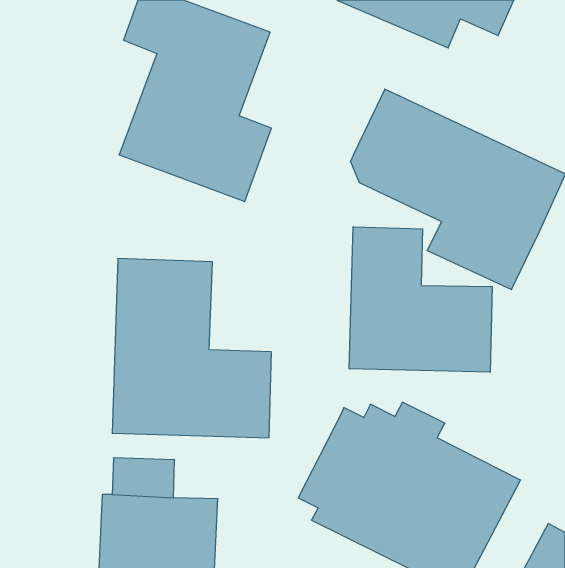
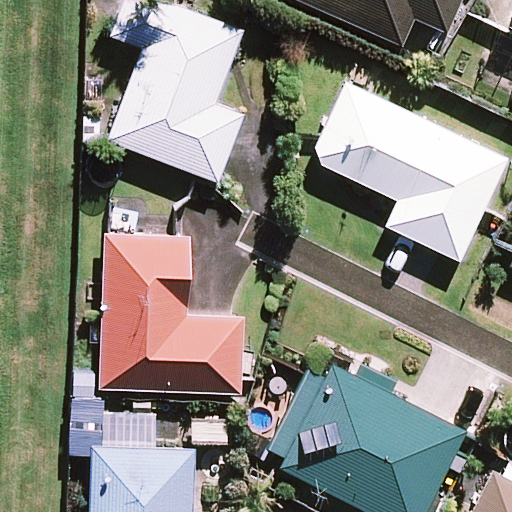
building: [349,227,492,372] -> none

